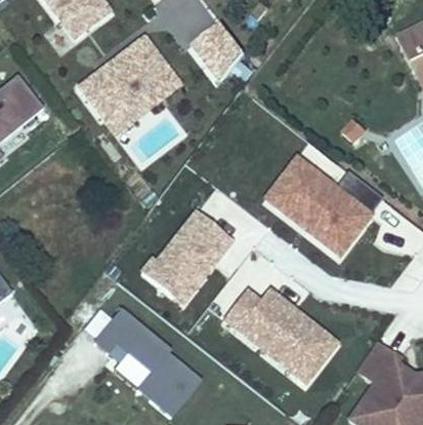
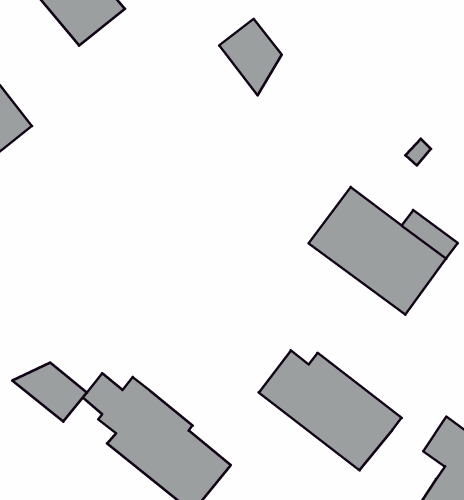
building: [79,36,180,133] -> none
building: [147,212,235,305] -> none
building: none -> [12,363,87,422]

